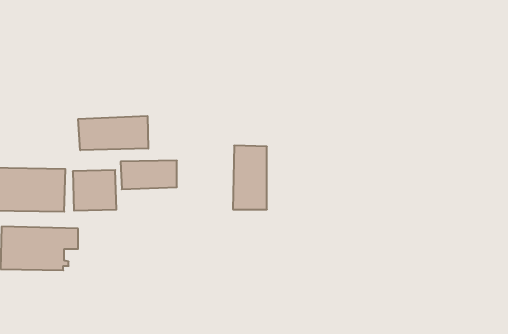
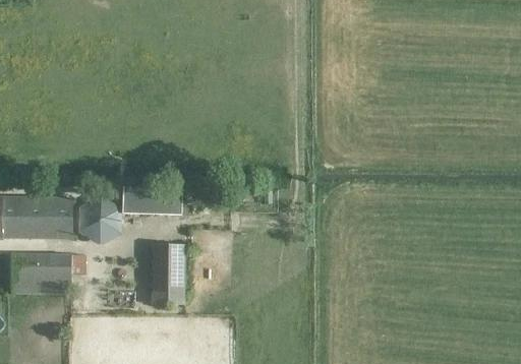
building: [78,116,148,150] -> none
building: [233,146,267,209] -> [152,243,184,304]

